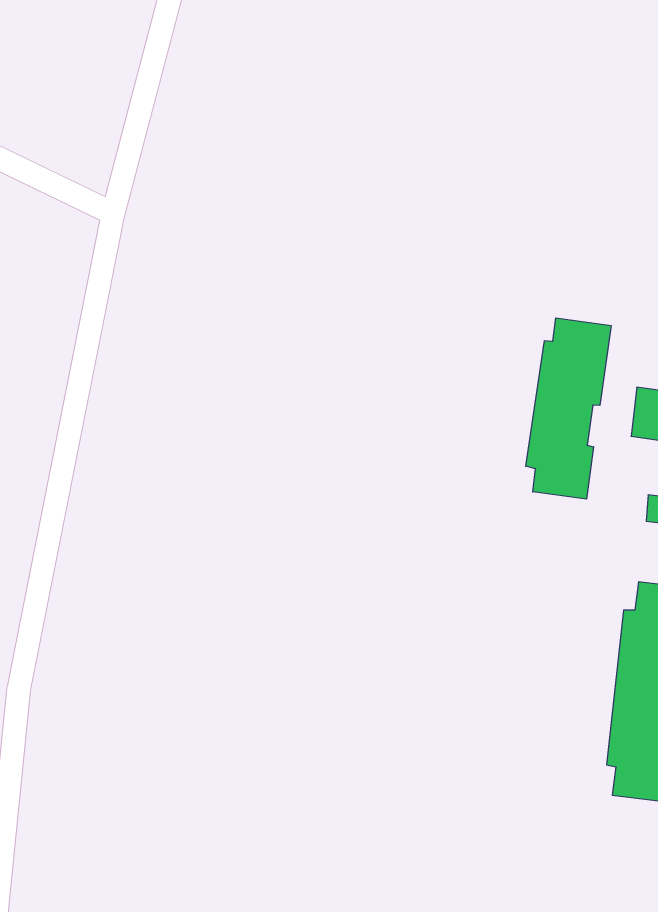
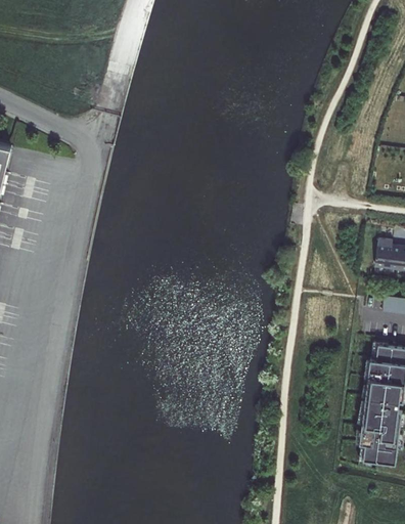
building: [526,318,611,499] -> none

